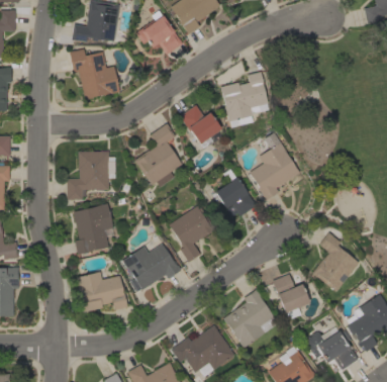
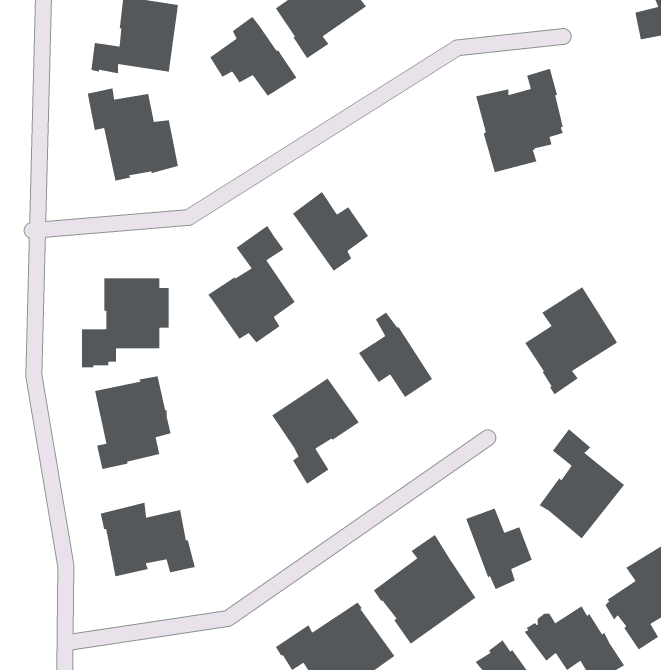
building: [220,72,268,128] -> [475,68,564,173]
building: [250,142,300,201] -> [524,286,618,396]
building: [122,244,182,292] -> none

